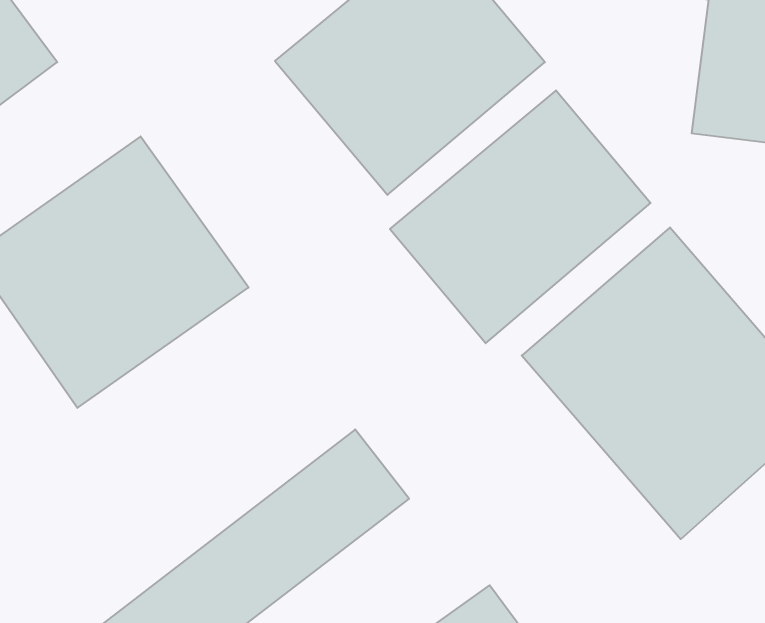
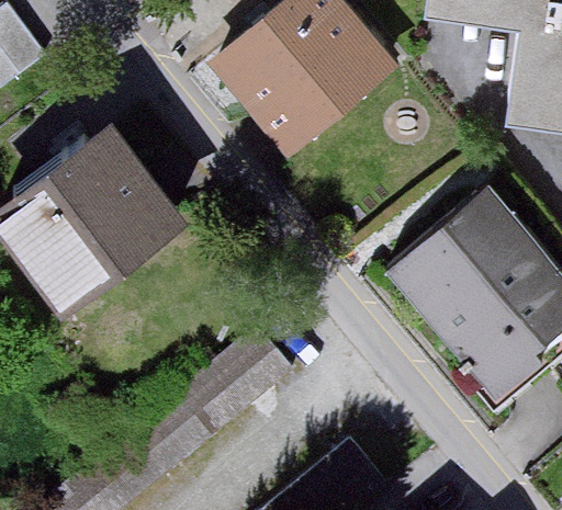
building: [390,90,651,343] -> none

